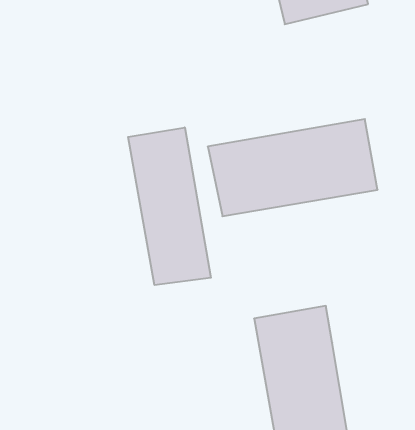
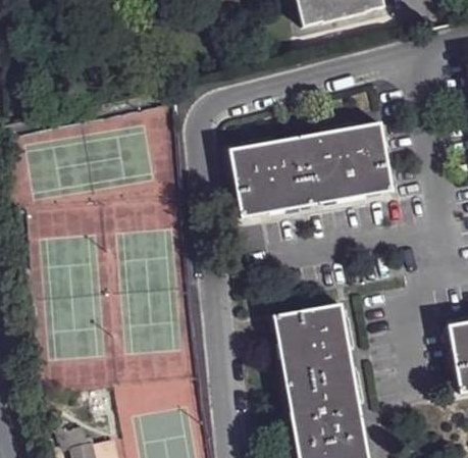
building: [128,127,211,285] -> none

